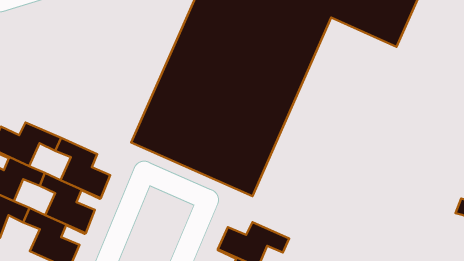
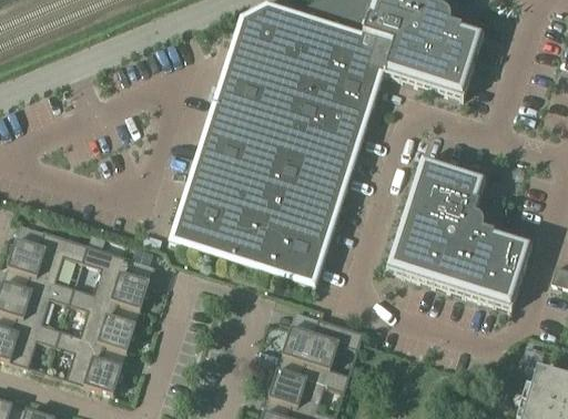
building: none -> [386,157,531,307]

